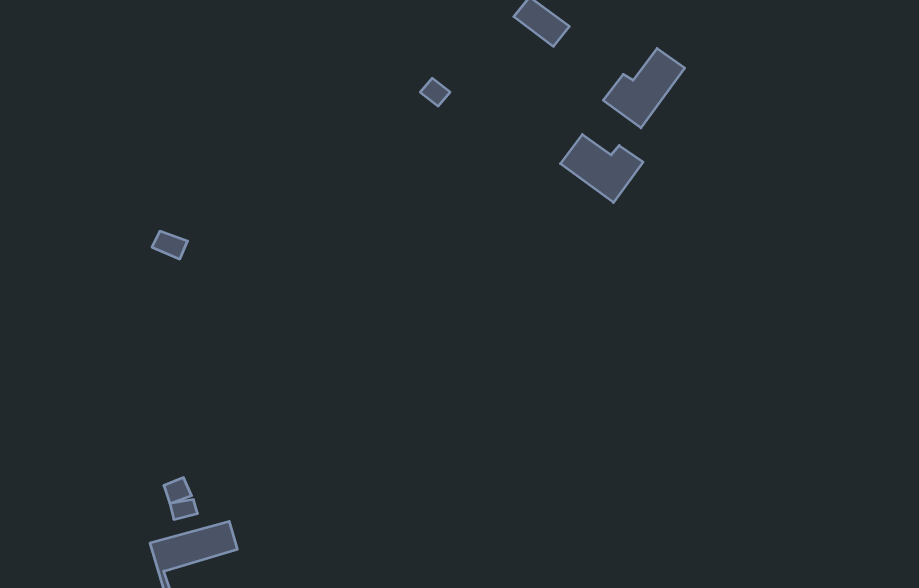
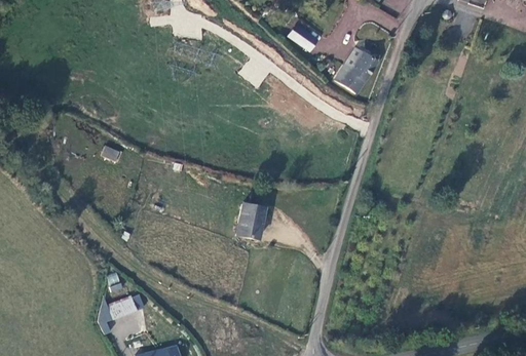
building: [560,134,643,203] -> none
building: none -> [236,202,265,236]

